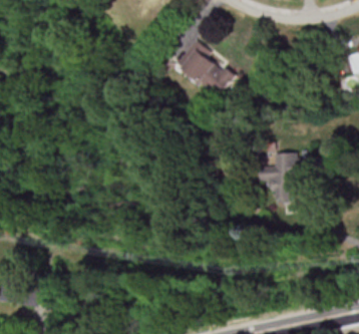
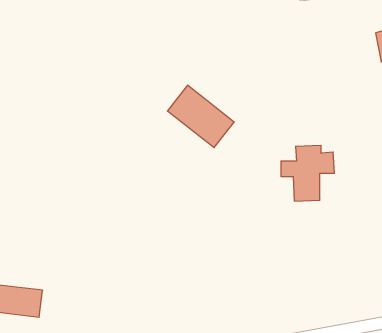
building: [174,42,235,98] -> [167,85,234,148]

